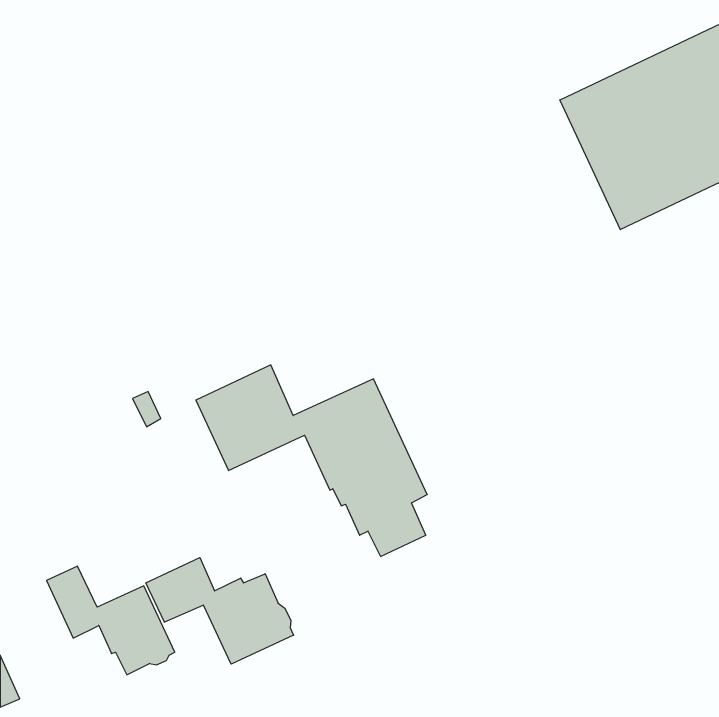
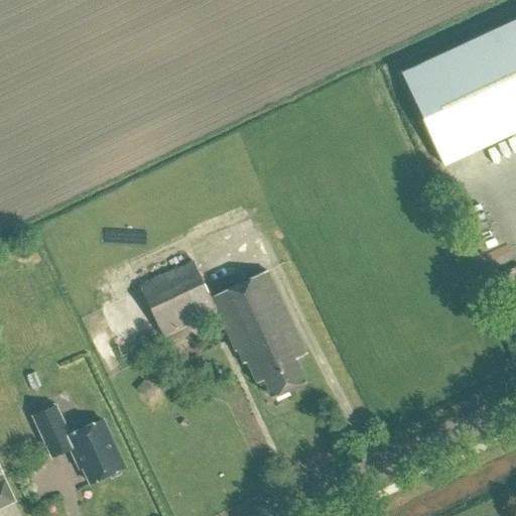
building: [146,558,294,664] -> none

